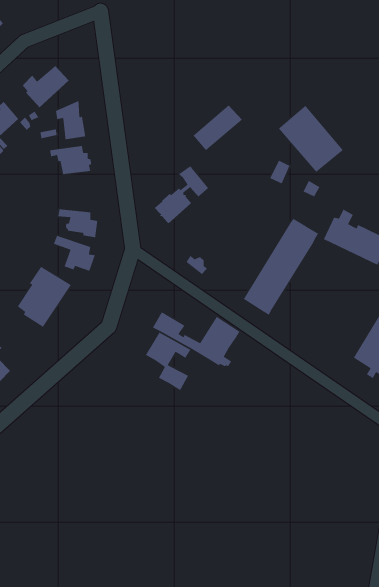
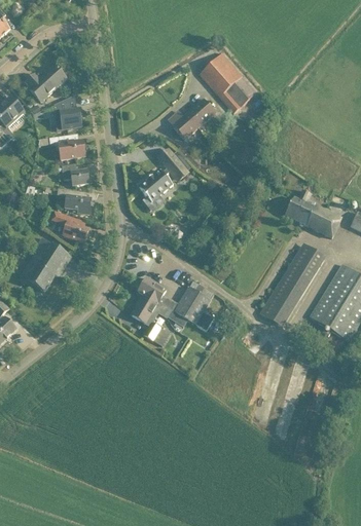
building: [278,105,344,173] -> [198,53,255,112]
building: none -> [57,163,89,185]
building: [243,218,319,316] -> [260,242,326,327]

